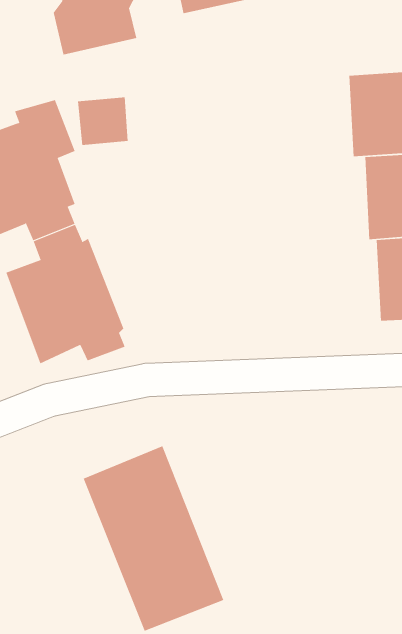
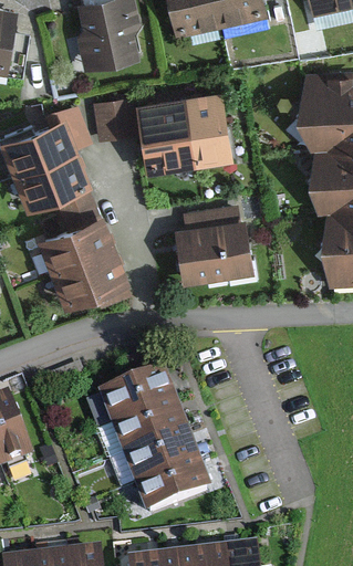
building: none -> [137,91,232,172]
building: none -> [175,205,255,283]

